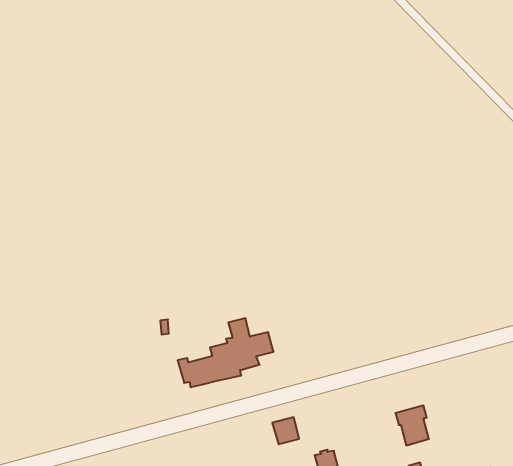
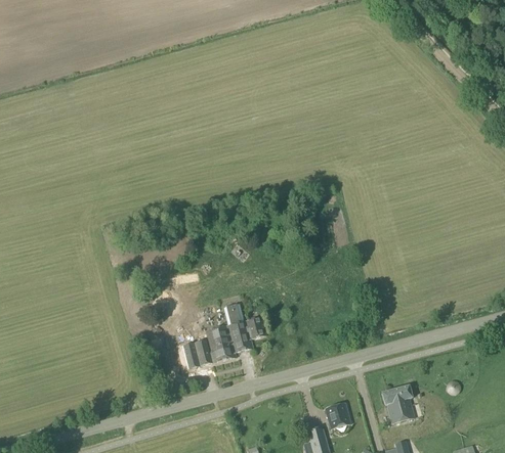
building: [272,417,299,444] -> [325,403,350,428]

